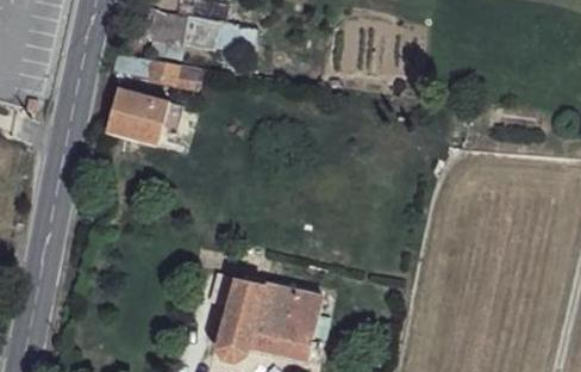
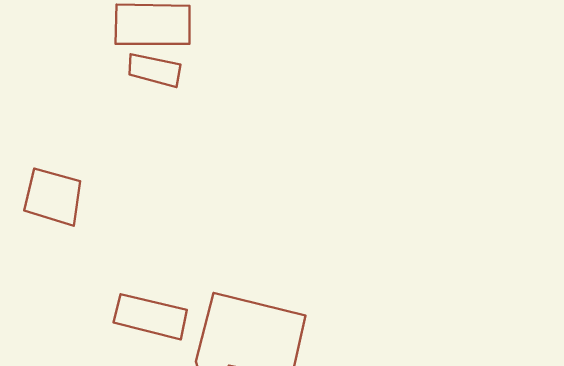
building: [114,88,167,142] -> [24,169,80,226]
building: none -> [114,294,187,339]

